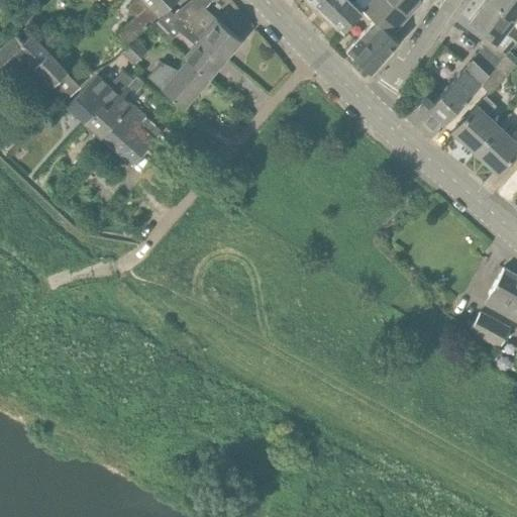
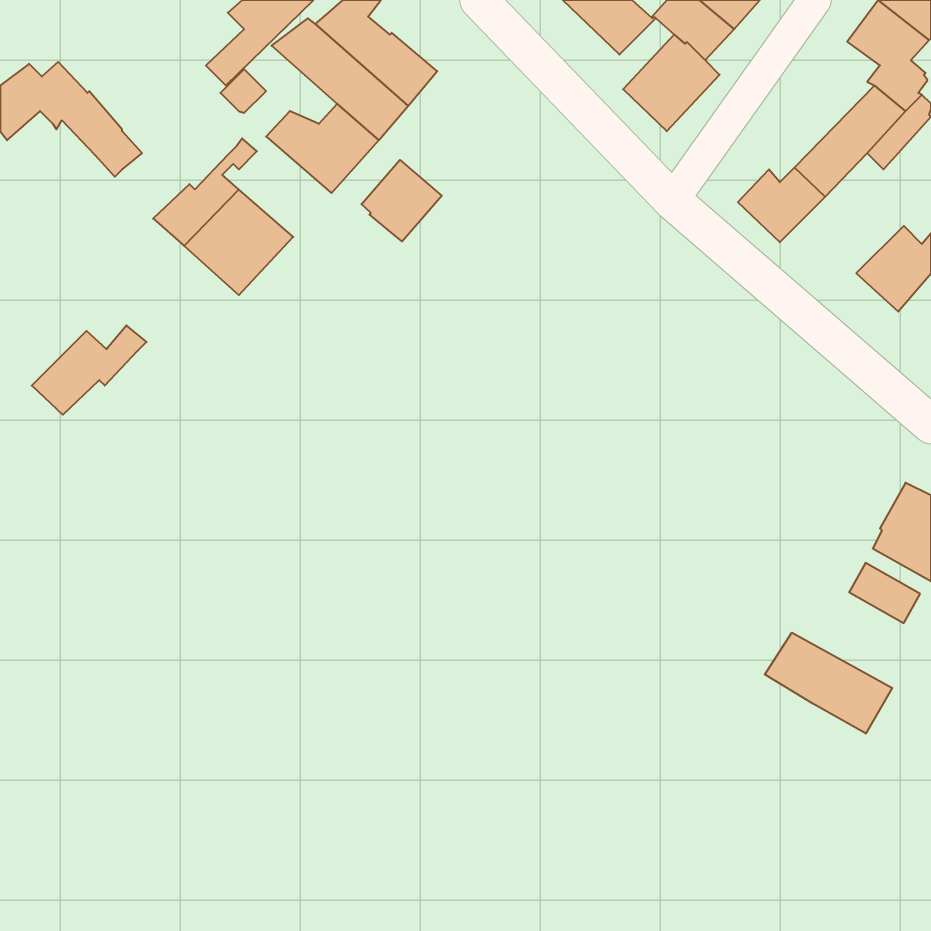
building: [68,72,131,121] -> [32,325,147,415]
building: none -> [361,160,442,241]
building: [452,95,501,151] -> none
building: none -> [765,633,892,734]

